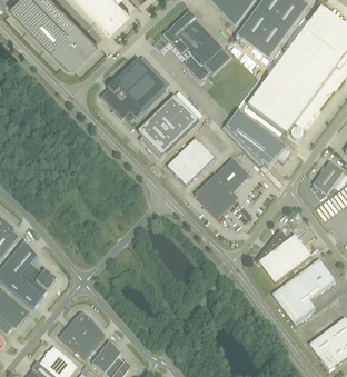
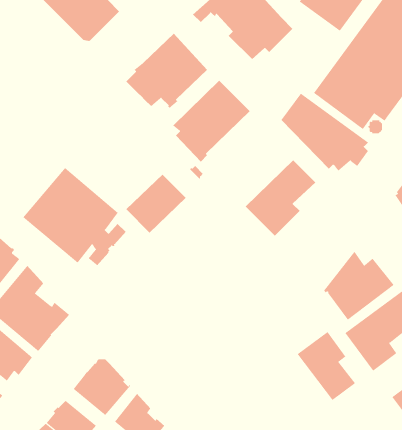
building: [166,138,214,185] -> [125,174,187,233]
building: none -> [22,167,127,266]
building: none -> [297,331,356,401]

